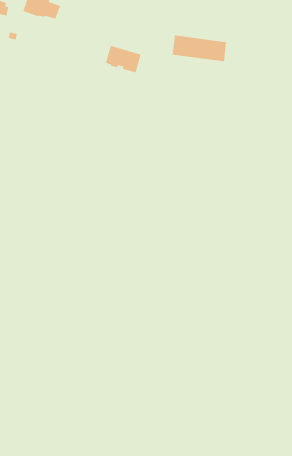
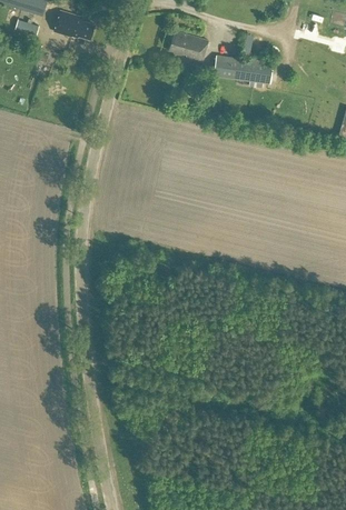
building: [105,45,141,73] -> [167,31,206,61]

